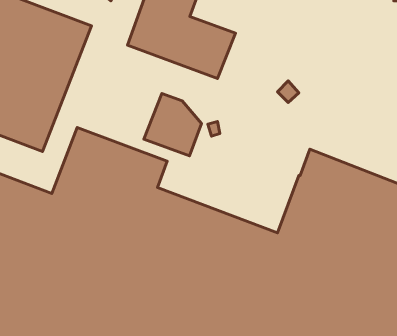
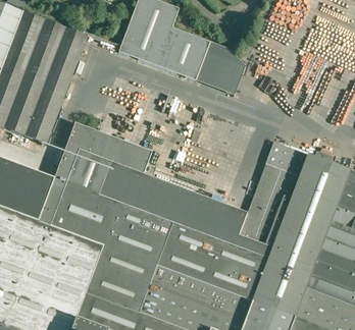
building: [144,94,201,156] -> [195,42,244,95]

